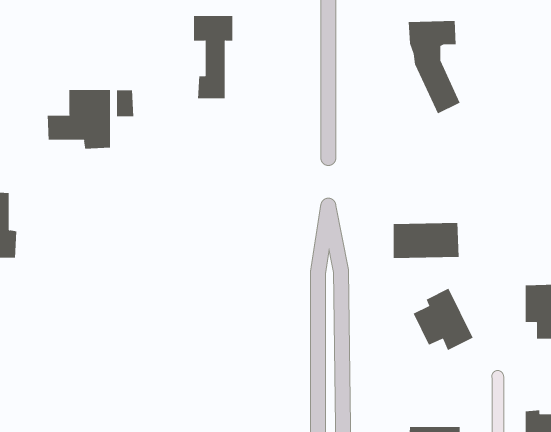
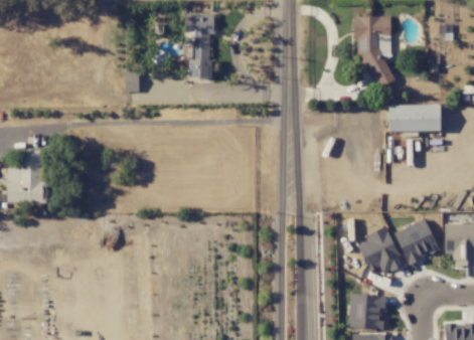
building: [47,89,110,150] -> none
building: [393,223,460,259] -> [388,104,441,132]
building: none -> [394,218,440,264]
building: none -> [348,294,384,329]

